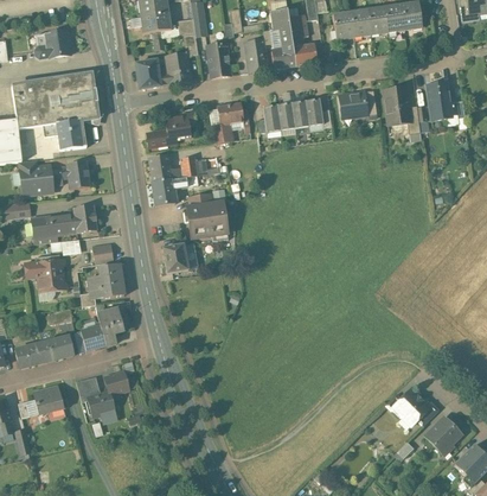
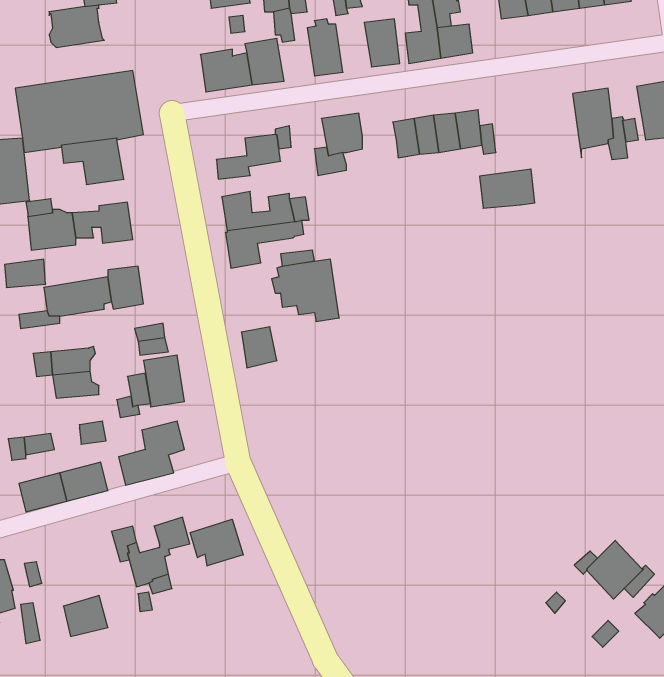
building: [339,90,376,116] -> [480,169,535,208]
building: none -> [190,519,243,566]
building: [33,386,63,413] -> [63,595,108,636]

